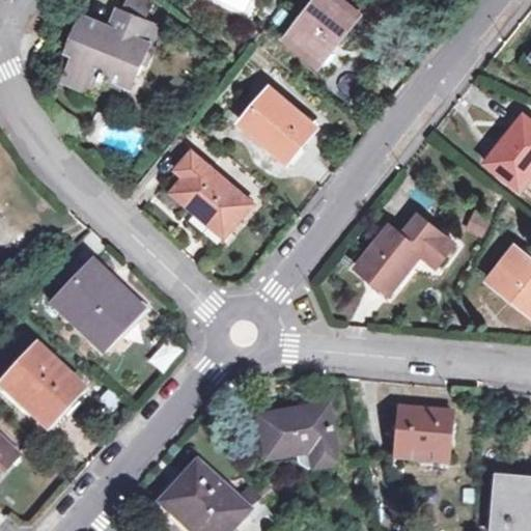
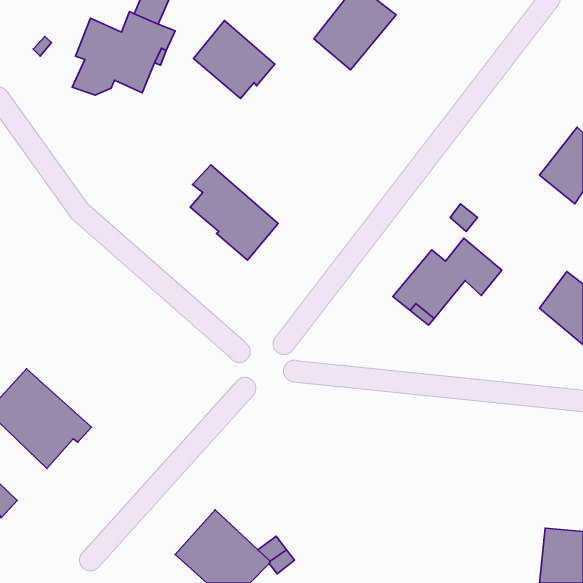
building: [242,86,315,157] -> [193,21,275,98]
building: [52,264,139,351] -> none
building: [256,403,336,468] -> none
building: [391,408,452,460] -> none

